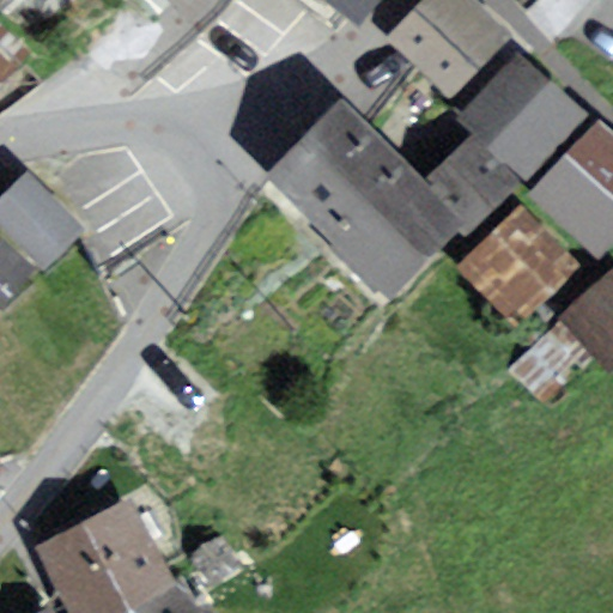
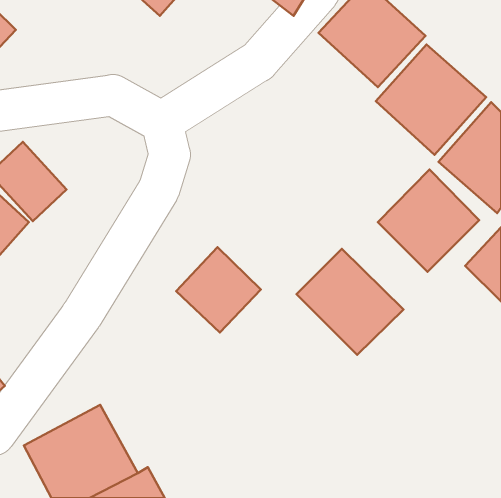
building: [263,95,514,303] -> none
building: none -> [176,247,261,333]
building: none -> [297,249,404,355]

